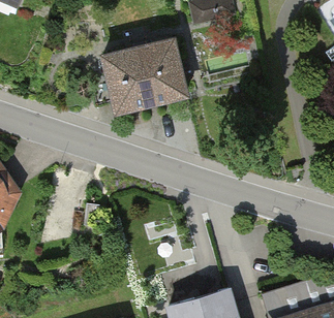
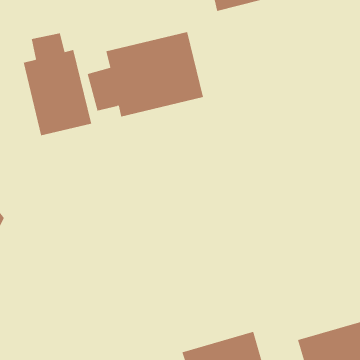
building: none -> [23,32,92,136]

